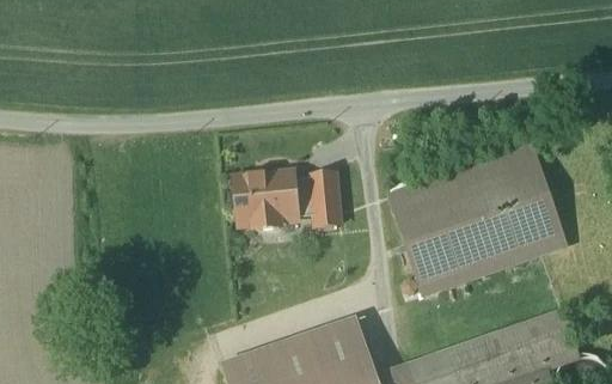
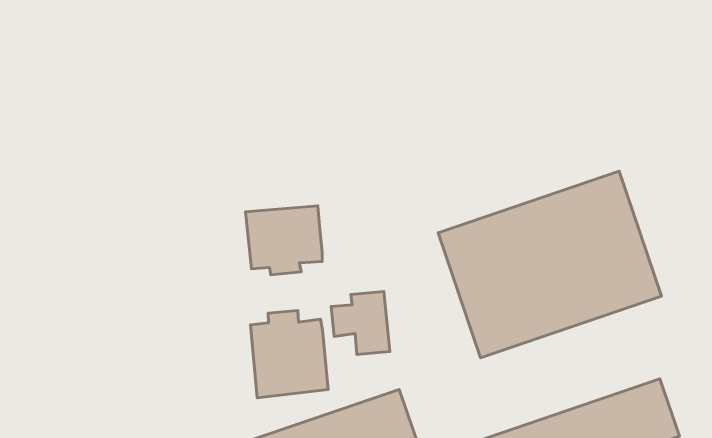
building: [294,172,341,223] -> [331,291,390,355]
building: none -> [251,310,328,398]

